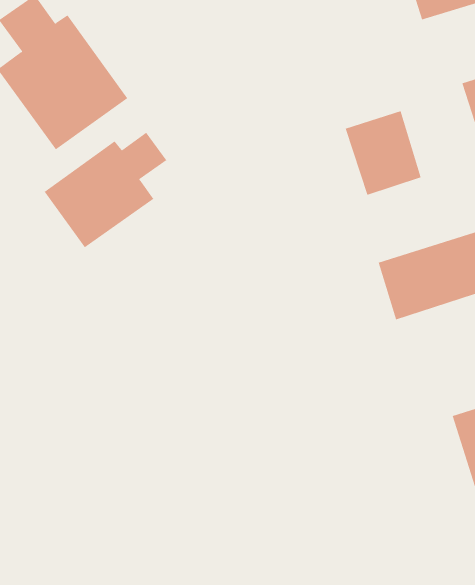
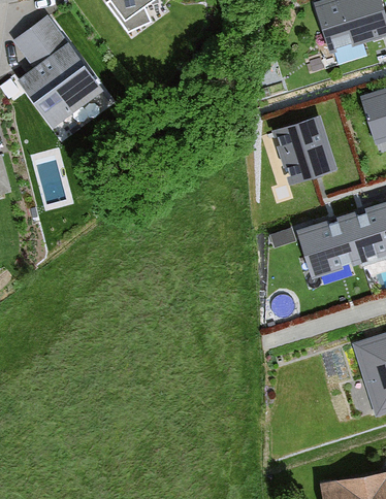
building: [44,132,167,248] -> none

